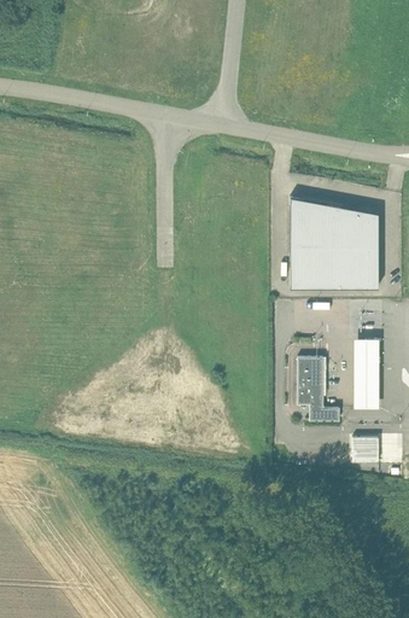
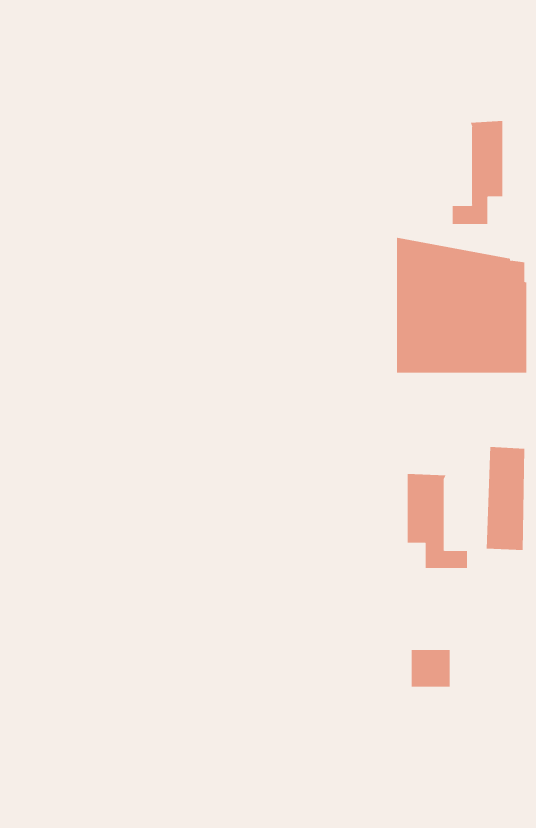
building: none -> [452,120,503,225]
building: [351,437,378,462] -> [411,650,450,687]

